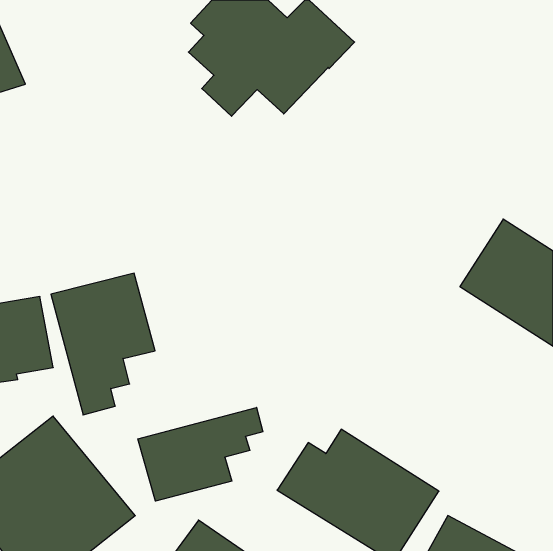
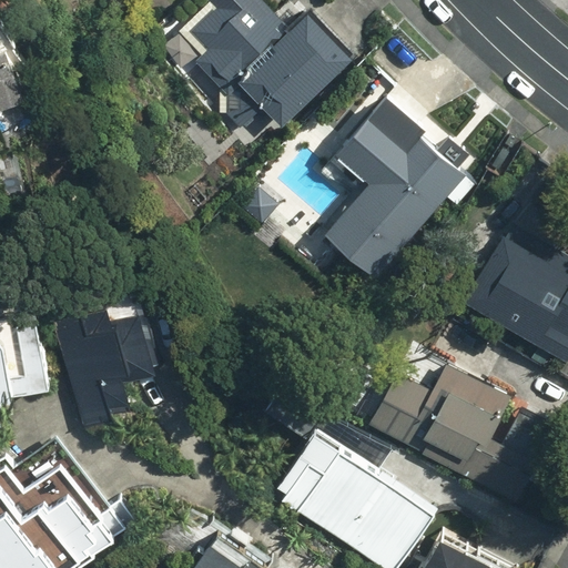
building: none -> [327,111,466,275]
building: none -> [368,362,535,508]
building: [138,407,263,501] -> none

